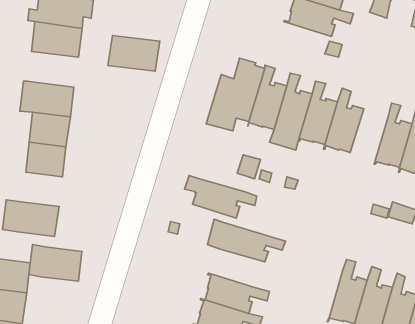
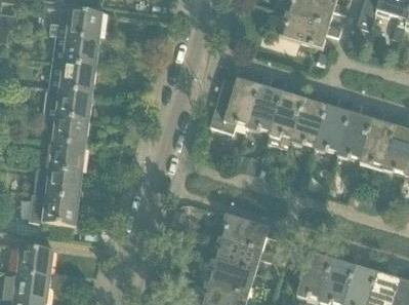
building: [108,35,160,71] -> [50,61,96,92]
building: none -> [337,101,372,157]
building: [185,176,257,218] -> [209,234,274,272]
building: [29,244,82,281] -> [35,166,82,199]
building: none -> [296,239,331,298]

